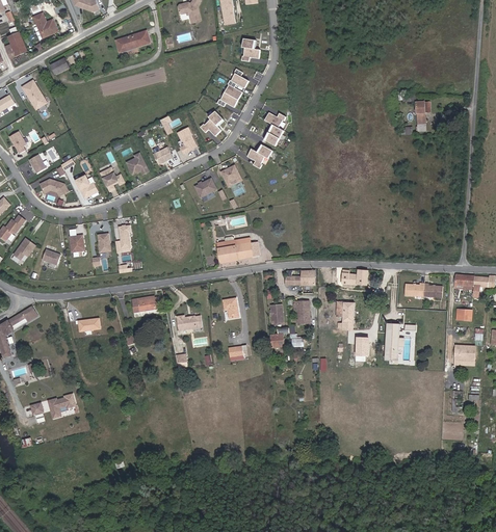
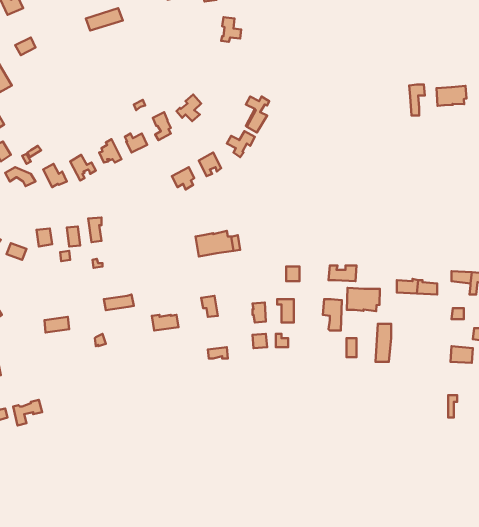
building: [216,69,249,107] -> none
building: none -> [436,86,467,106]
building: none -> [347,288,380,311]

